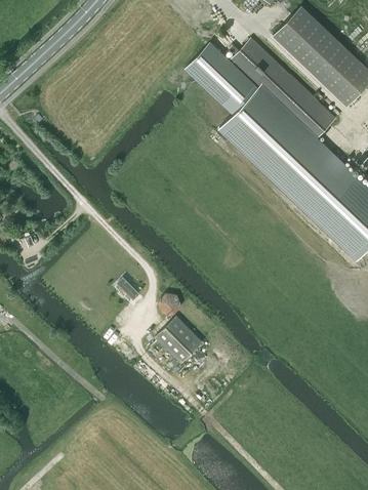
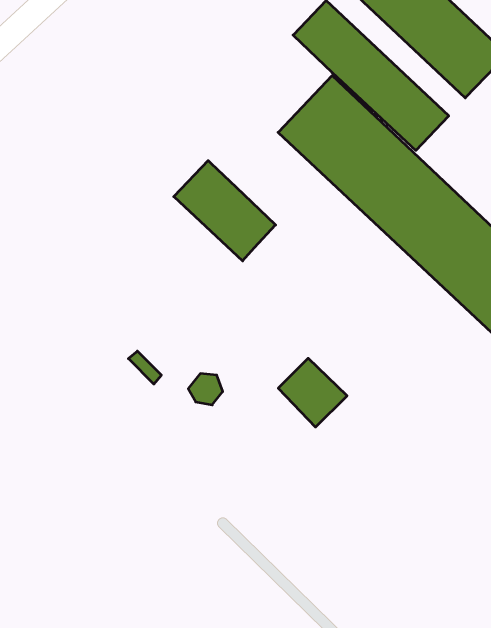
building: [186,43,255,112] -> [174,161,276,261]
building: [155,317,202,364] -> [278,358,347,427]

